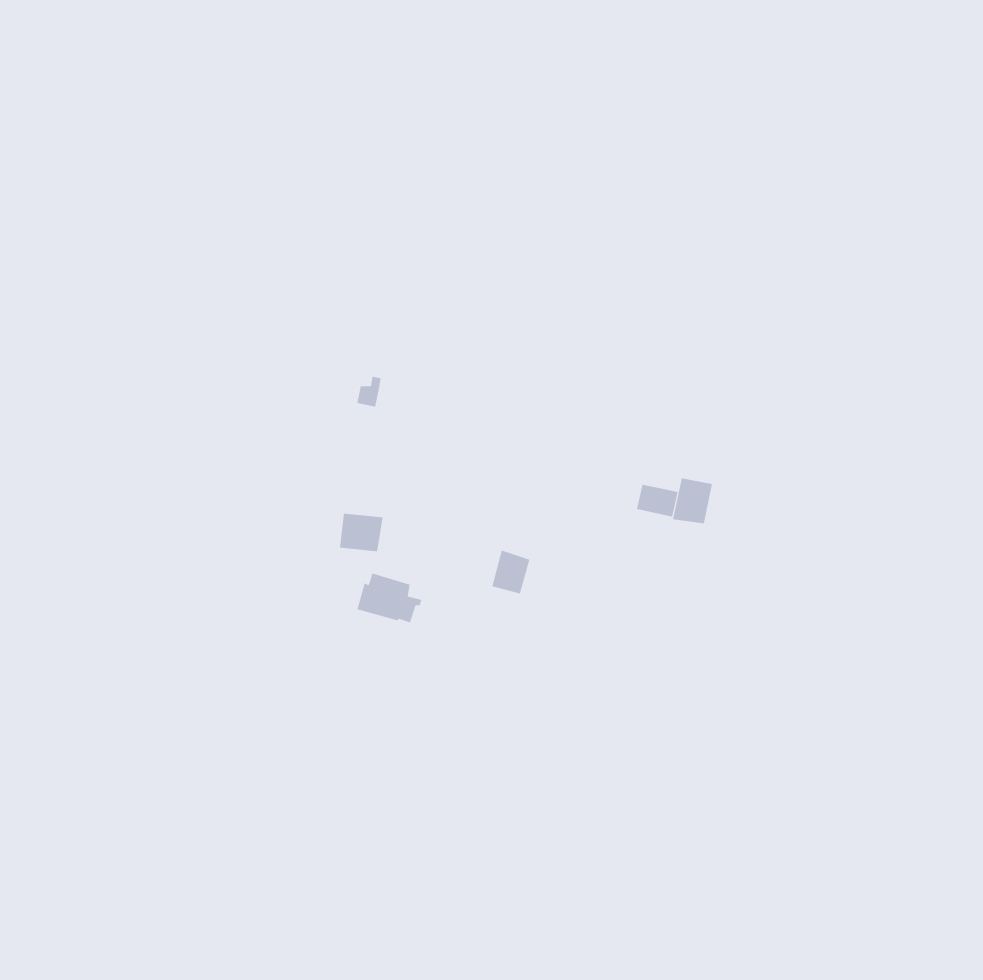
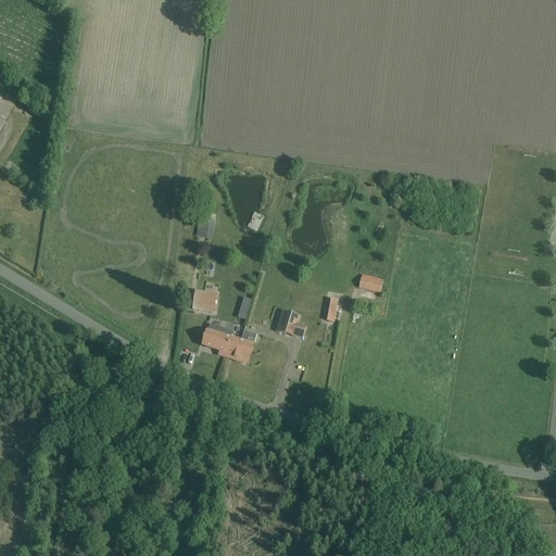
building: [672,477,713,524] -> none
building: none -> [224,328,256,362]

